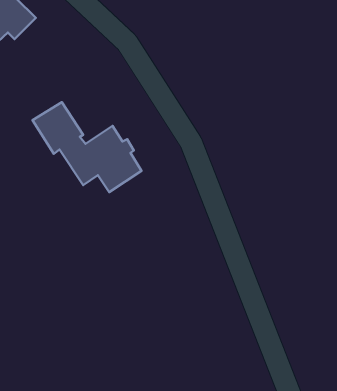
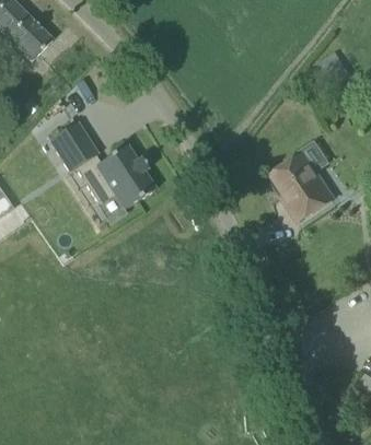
building: none -> [273,154,333,221]

